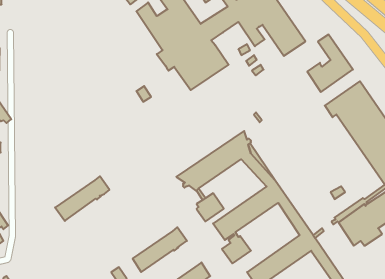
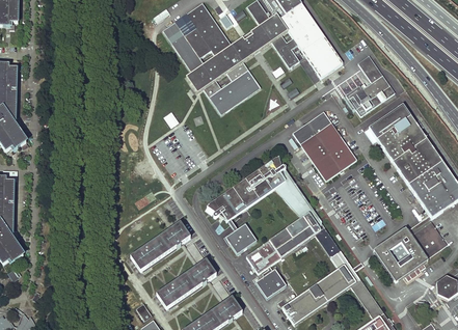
building: none -> [291,111,355,181]
building: [55,176,109,221] -> [132,222,190,270]

